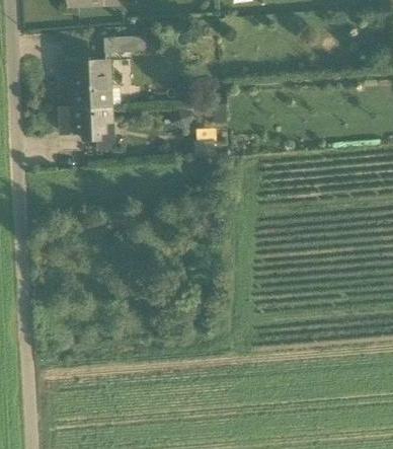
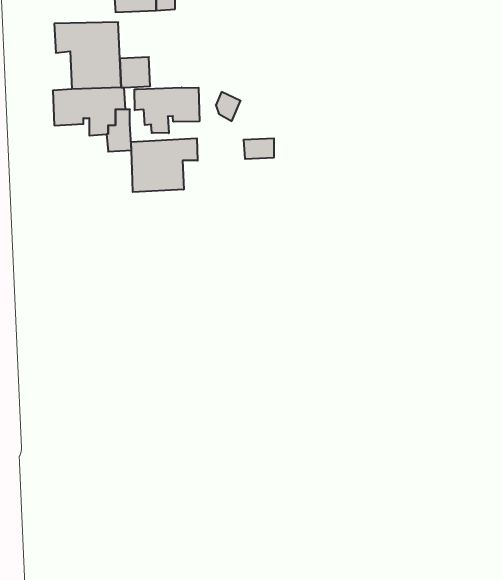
building: none -> [135,87,199,133]
building: none -> [131,138,198,192]

